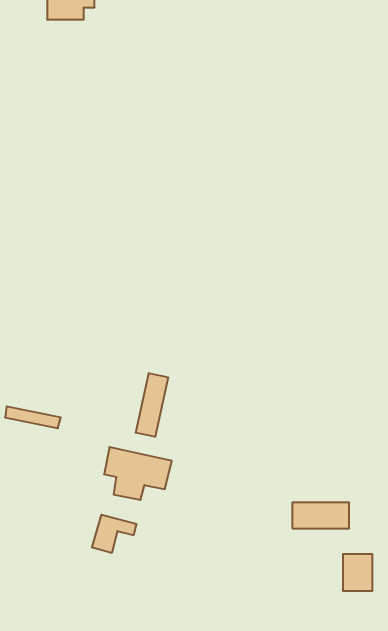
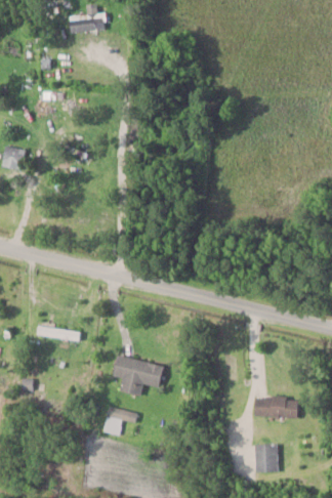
building: [136,373,168,437] -> none
building: [343,554,373,591] -> [255,445,278,472]

